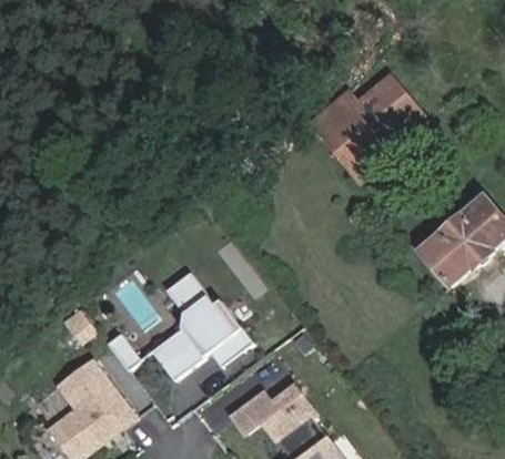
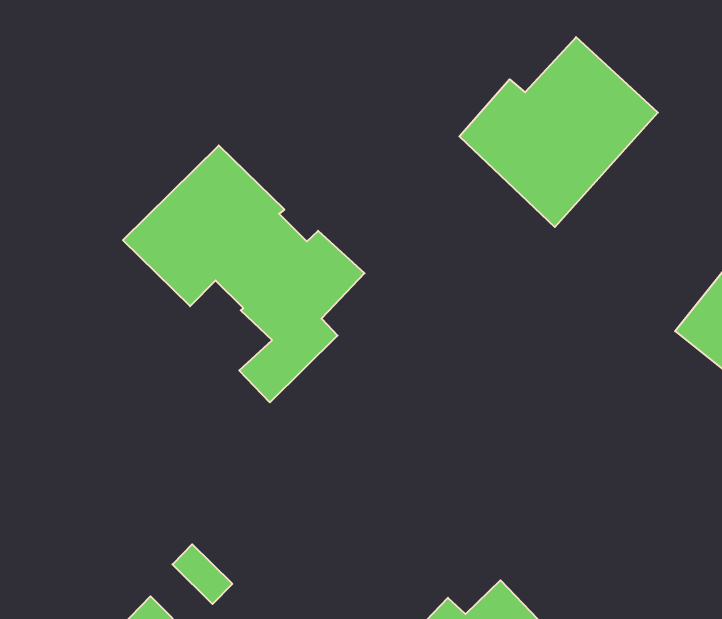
building: none -> [123,145,365,402]
building: [151,272,251,379] -> none

